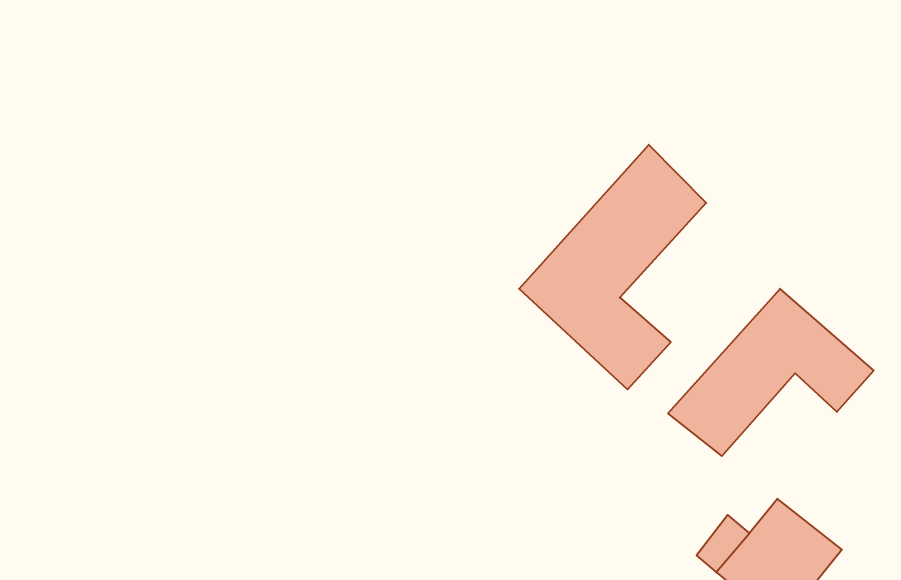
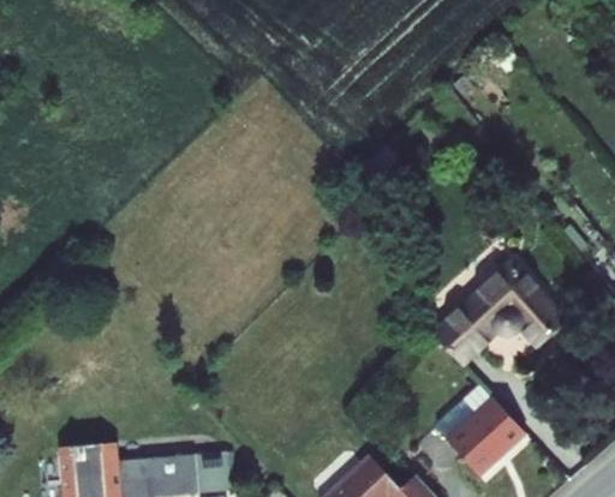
building: [519,145,706,389] -> none

